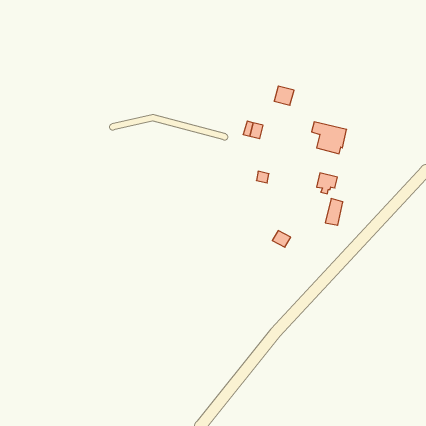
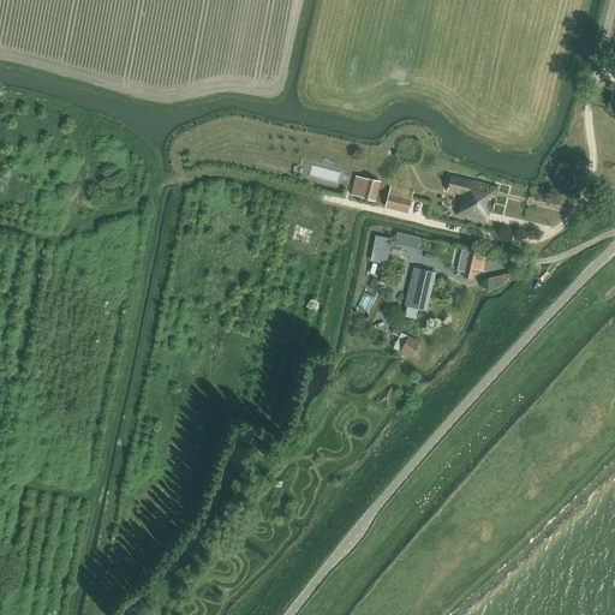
building: [274,86,294,105] -> [383,185,412,213]
building: [325,199,343,225] -> [406,268,431,306]

